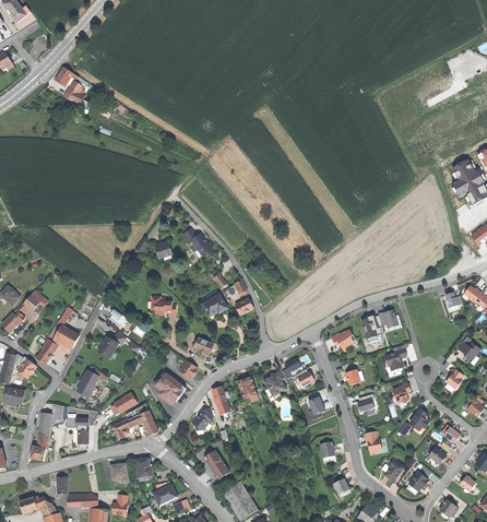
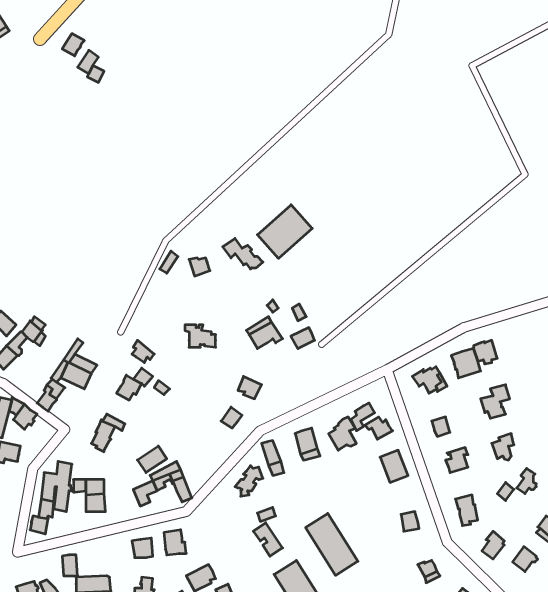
building: none -> [257,205,312,258]
building: [155,373,186,404] -> none
building: none -> [306,513,358,575]

